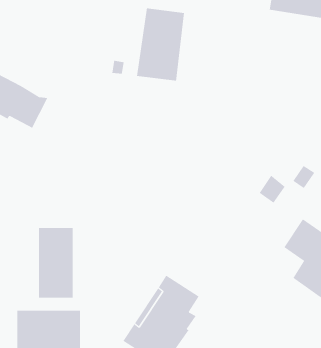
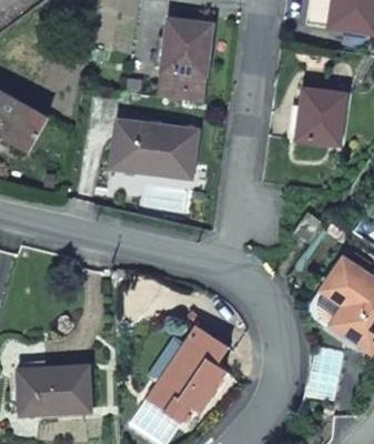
building: none -> [294,91,346,147]
building: none -> [124,117,205,165]
building: [38,227,73,299] -> none

